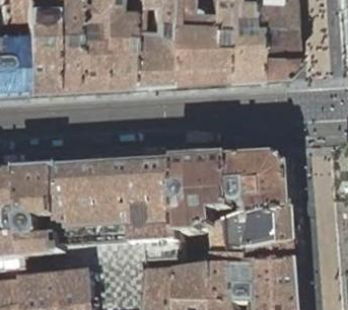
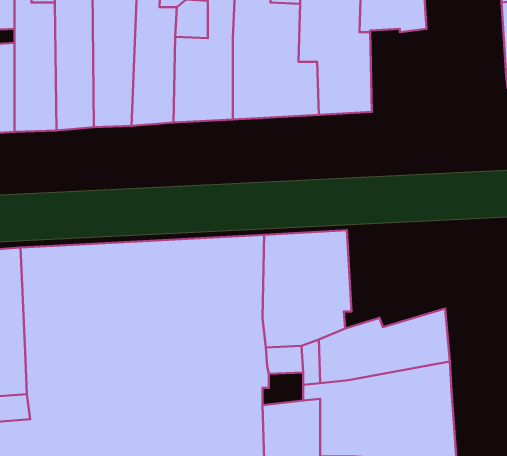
building: [255,26,294,80] -> none
building: [237,154,303,221] -> none

